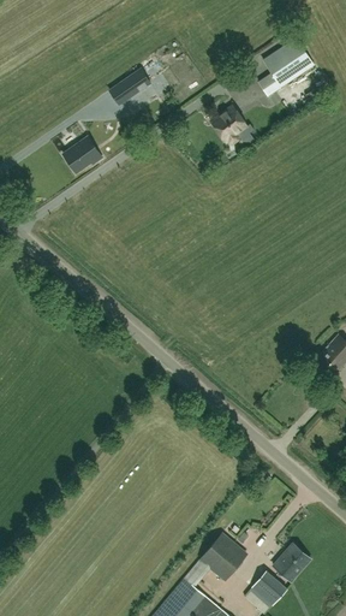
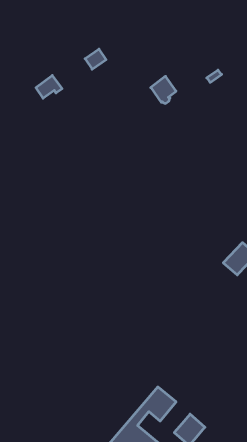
building: [258,37,314,95] -> none
building: [66,141,102,172] -> [36,75,62,98]
building: [274,544,310,581] -> none

